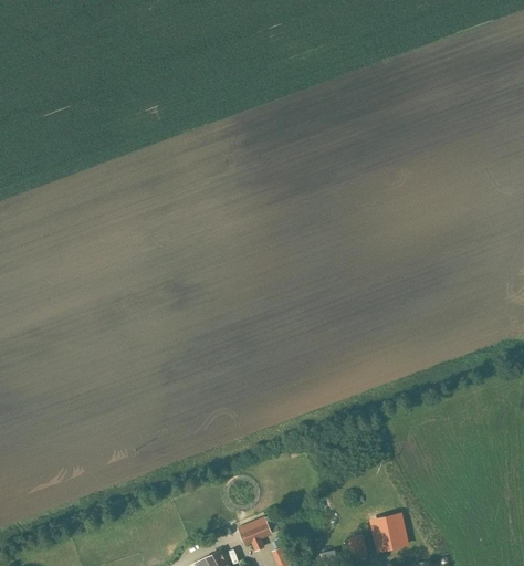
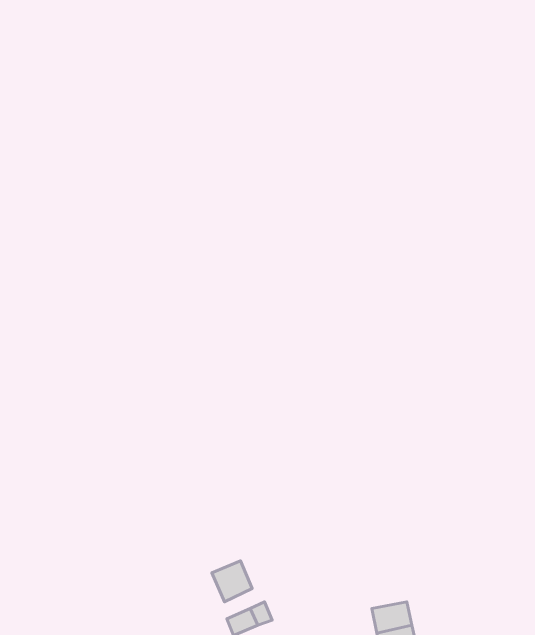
building: none -> [212,561,252,602]

